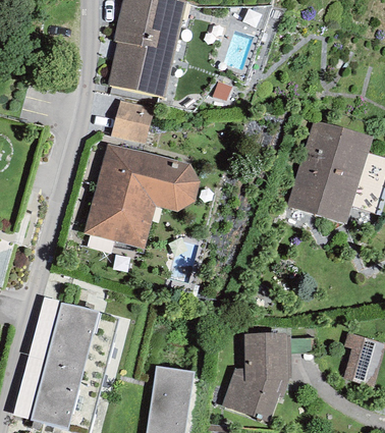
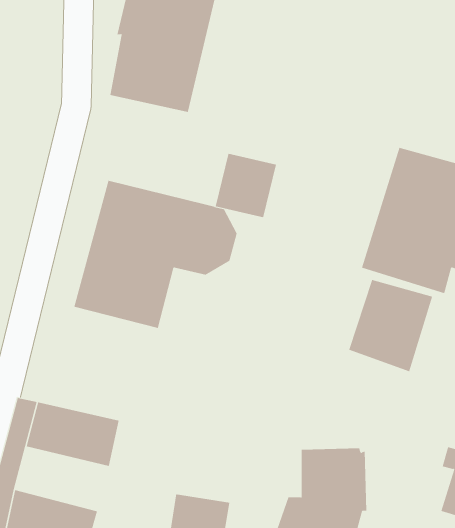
building: [111,99,155,145] -> [215,153,277,218]
building: none -> [349,279,433,372]
building: [42,332,109,378] -> none

